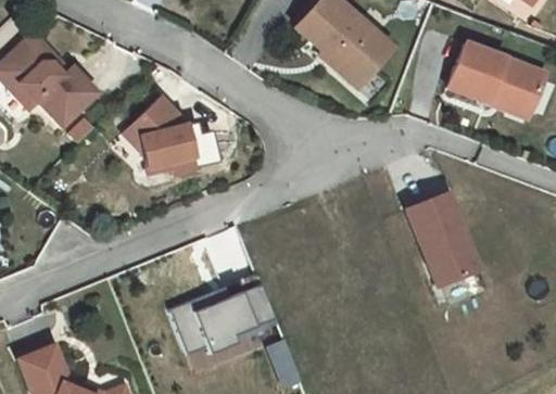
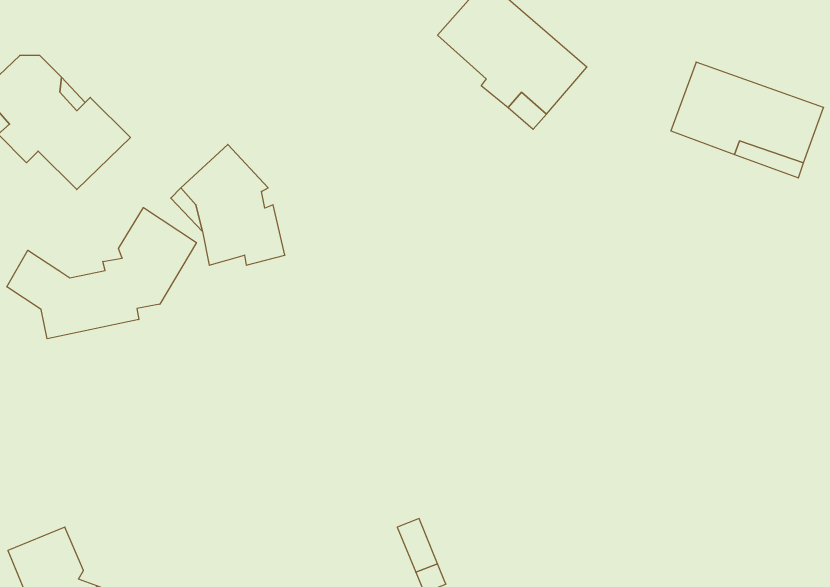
building: none -> [7,208,196,339]
building: [408,192,479,284] -> none
building: [170,283,277,354] -> none

